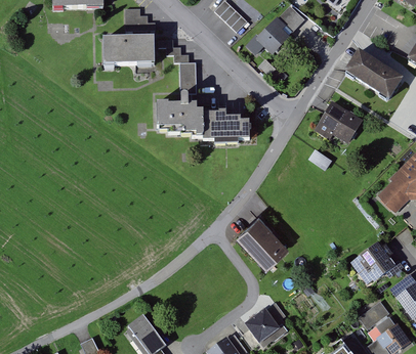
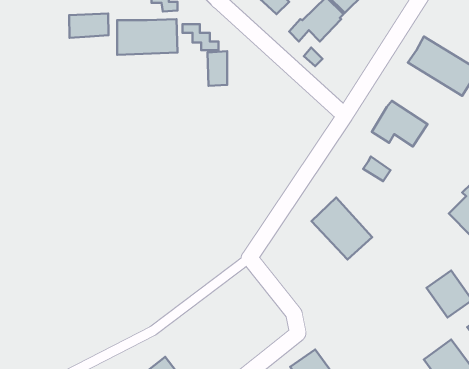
building: none -> [69,14,108,38]
building: [156,92,249,139] -> none
building: [240,216,290,267] -> [312,198,372,260]

